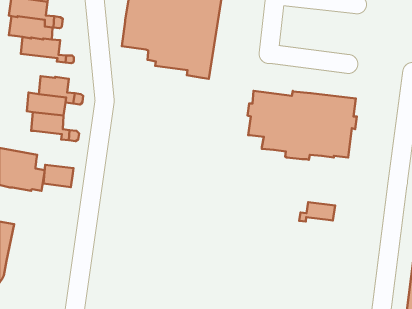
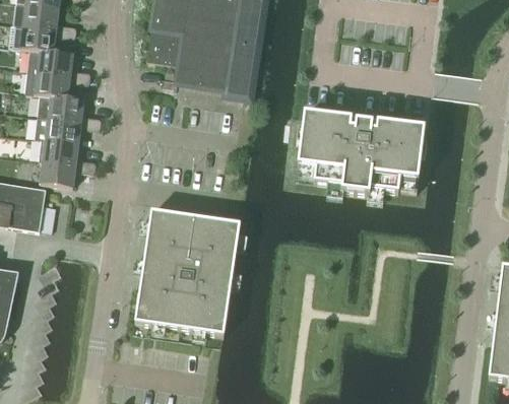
building: none -> [23,69,70,97]
building: [44,165,74,187] -> [40,160,75,187]
building: none -> [134,211,240,335]
building: [299,202,335,221] -> none

